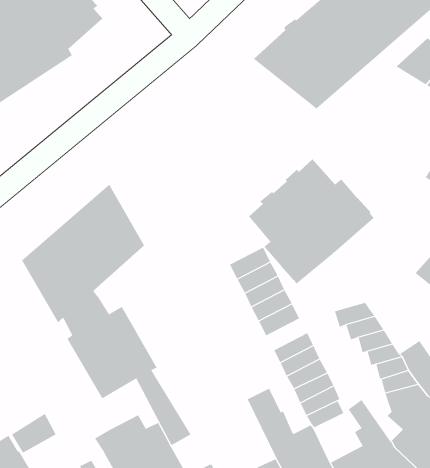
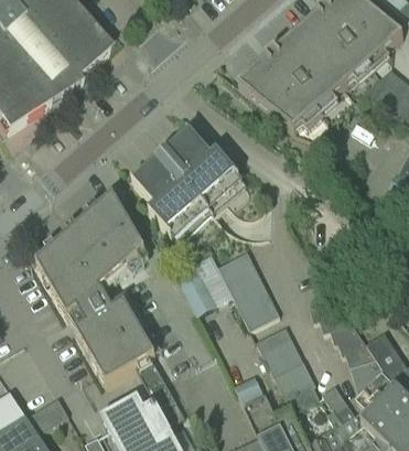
building: [248,158,374,285] -> [136,132,246,243]
building: none -> [176,267,216,314]

